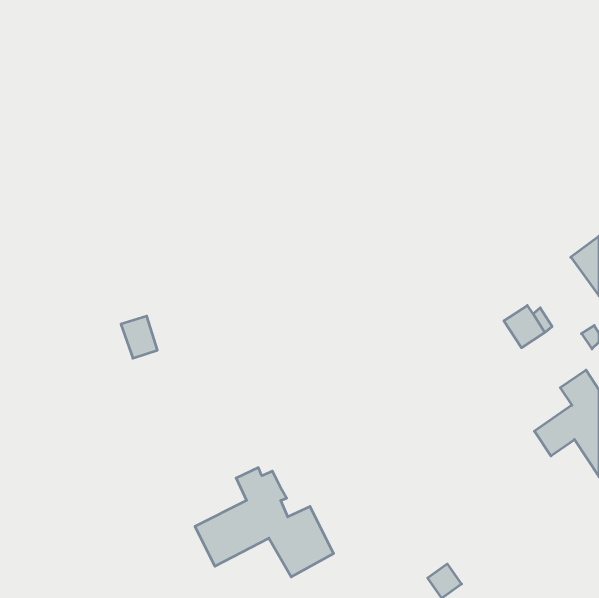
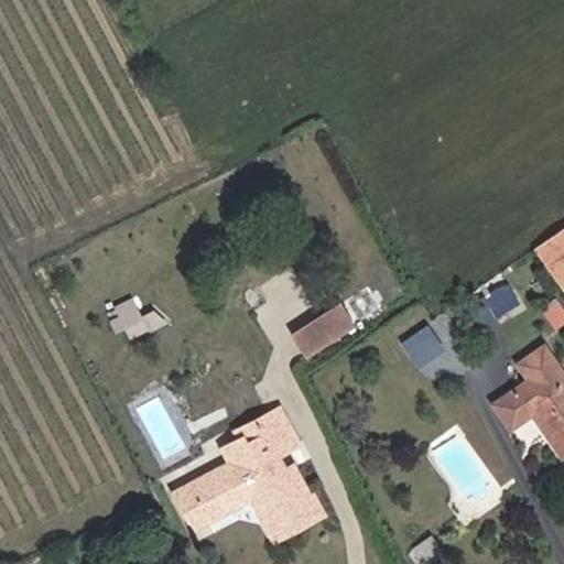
building: none -> [290,300,355,358]
building: none -> [403,325,446,367]
building: none -> [239,412,299,462]

